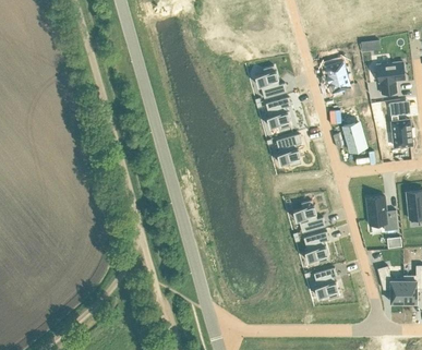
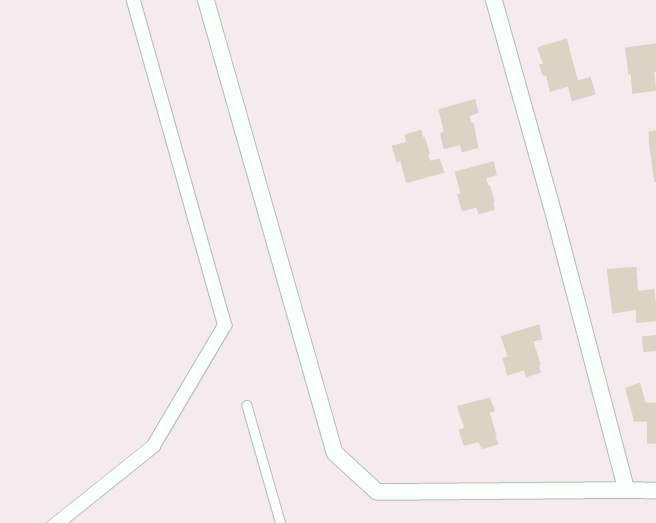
building: [254,65,287,98] -> [391,129,446,184]
building: [341,106,361,149] -> none
building: [292,200,324,232] -> none
building: [312,267,338,299] -> [456,397,500,450]

